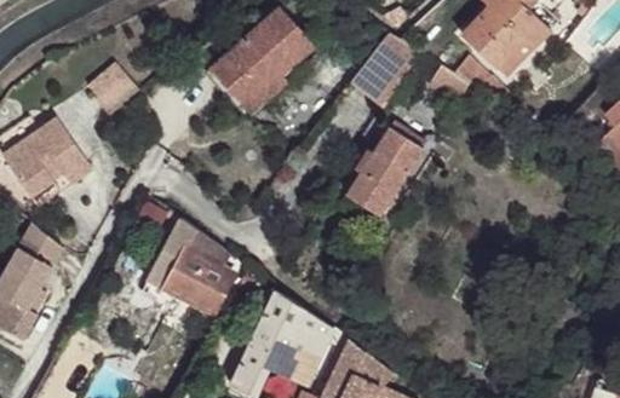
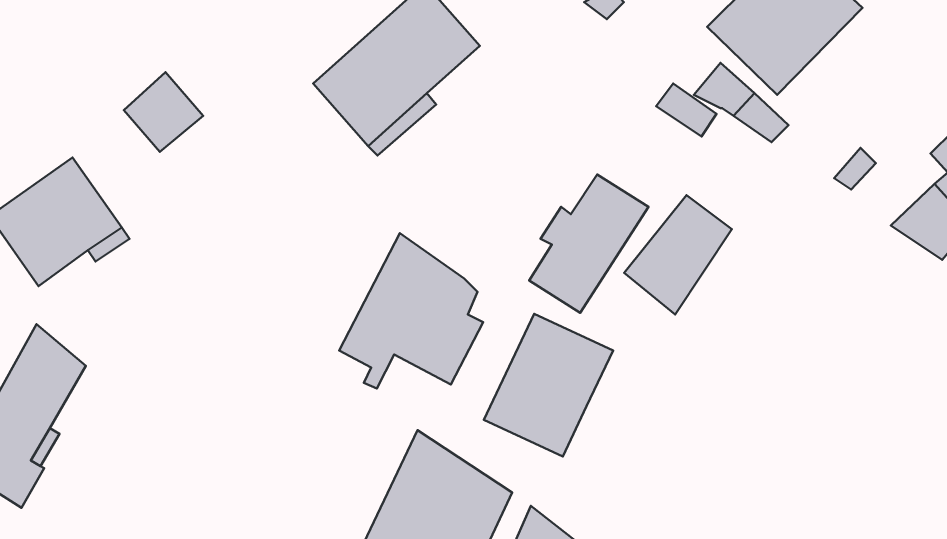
building: [350,31,419,108] -> [624,195,732,314]
building: none -> [484,314,613,456]
building: [142,218,234,317] -> [339,233,483,388]

